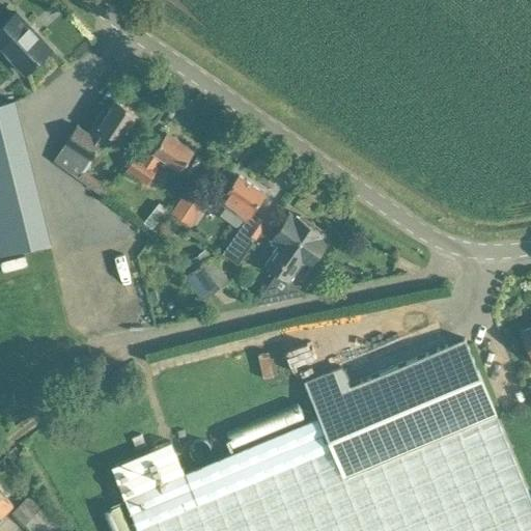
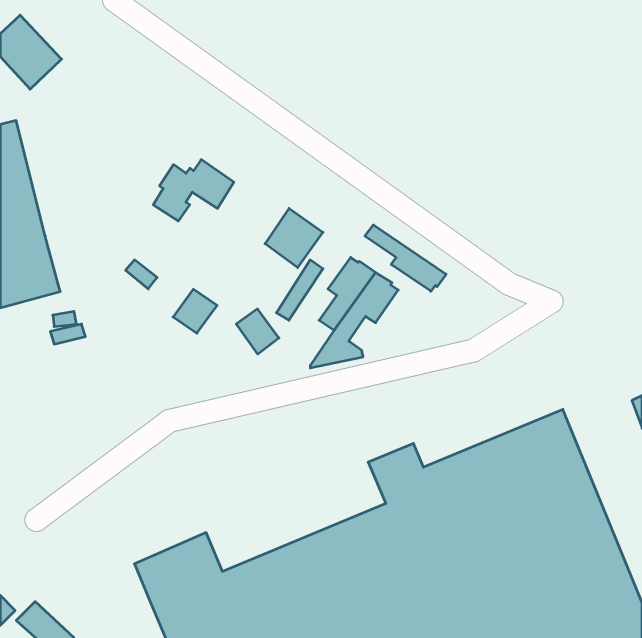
building: [54,102,138,180] -> none
building: none -> [365,225,446,291]
building: [170,192,206,228] -> [173,289,217,333]

